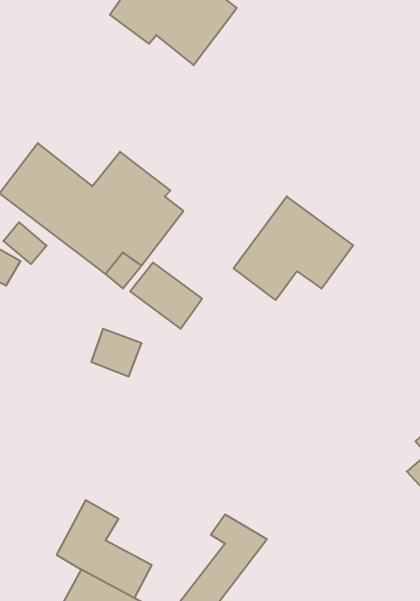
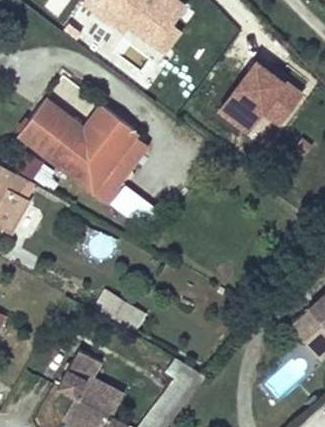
building: [234,196,353,300] -> [219,61,302,133]
building: none -> [94,289,147,333]

